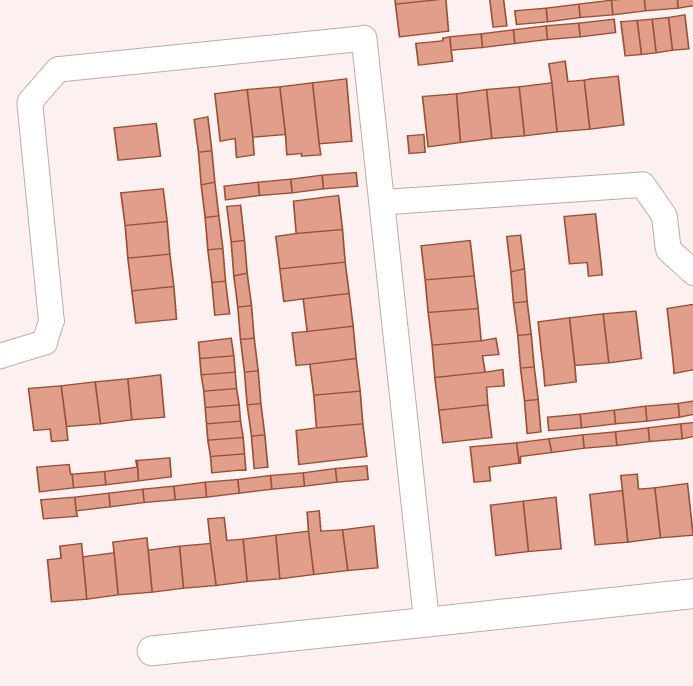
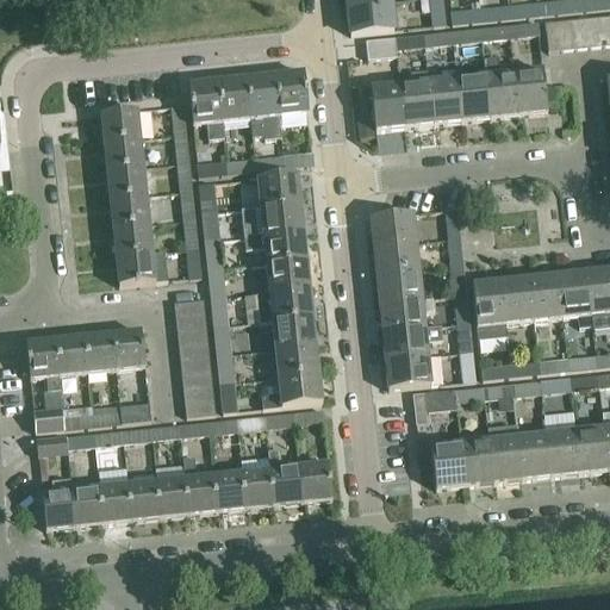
building: none -> [105,137,144,169]
building: [564,214,602,276] -> [559,270,592,325]
building: none -> [487,421,523,481]

